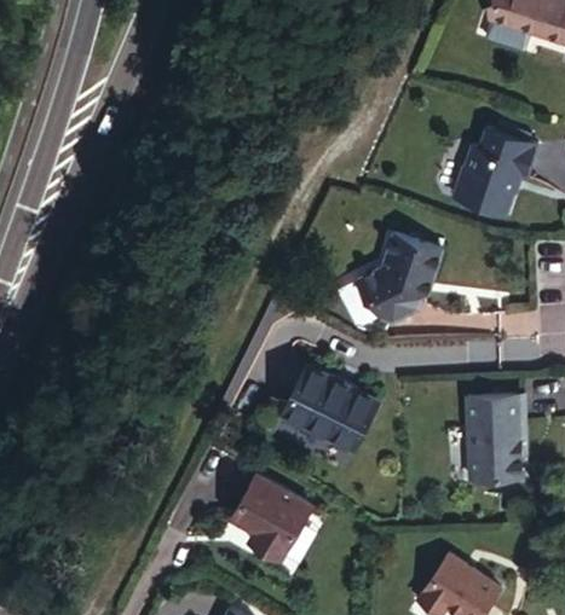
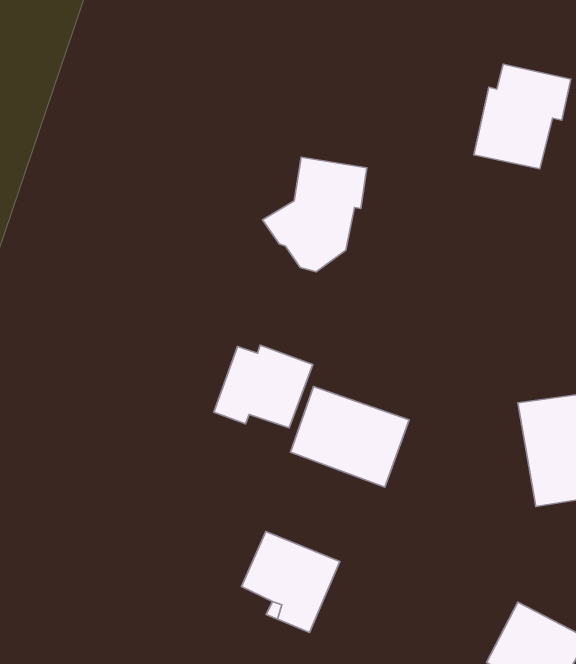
building: [352,239,439,331] -> [263,157,367,272]
building: none -> [214,345,313,428]

